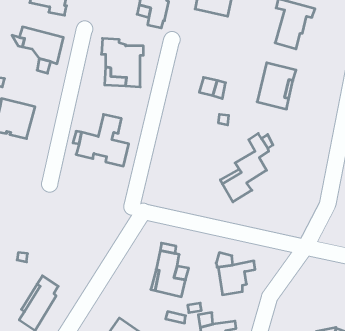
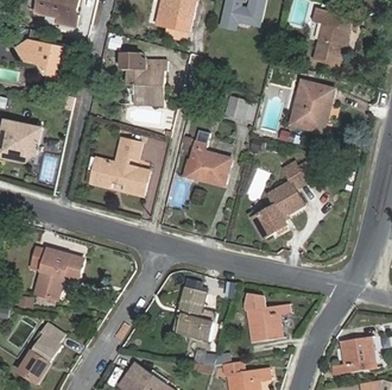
building: none -> [186,128,232,185]
building: none -> [36,244,86,296]
building: none -> [336,335,372,375]

